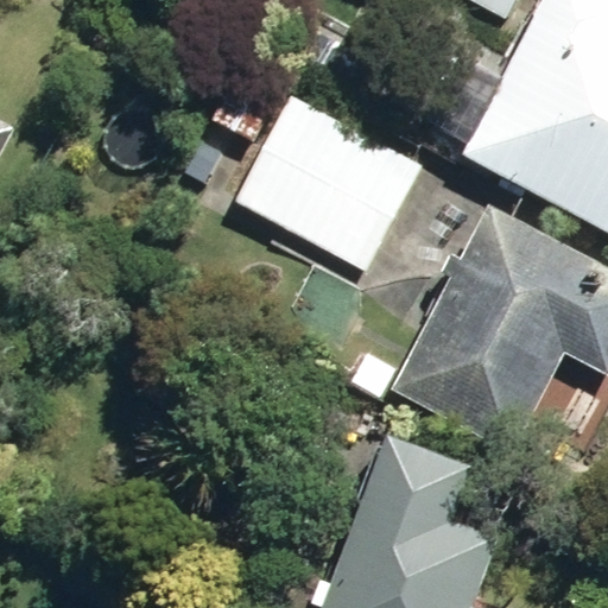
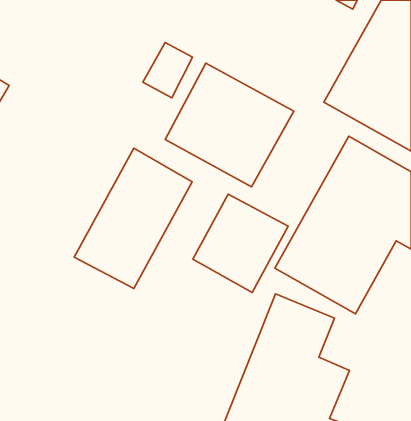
building: none -> [74,148,192,288]
building: none -> [193,194,288,293]

